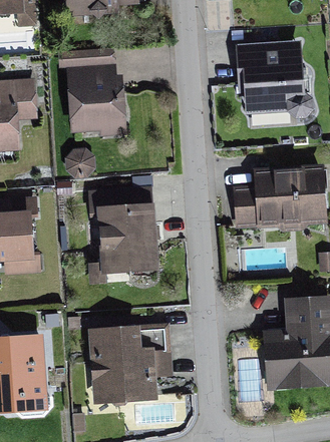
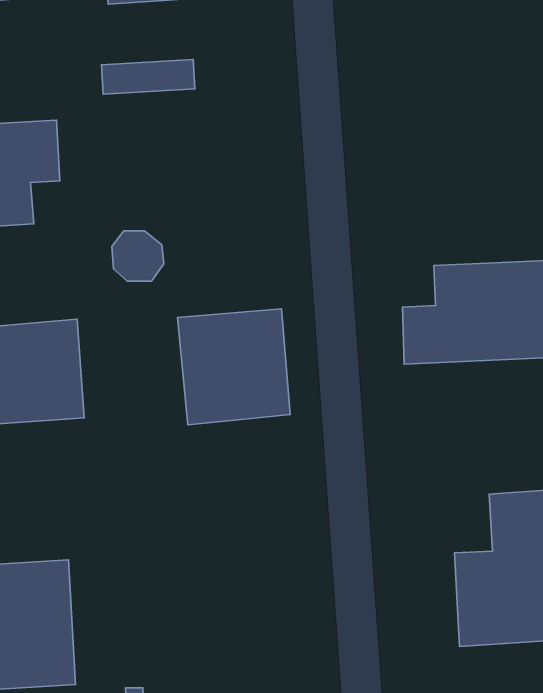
building: [240,41,304,112] -> none
building: [66,68,124,133] -> none
building: [88,327,172,403] -> none

